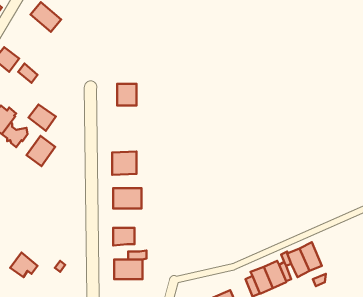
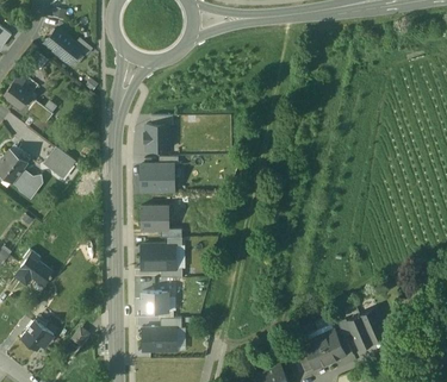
building: none -> [141,167,173,193]
building: [27,136,55,166] -> none
building: none -> [15,256,52,287]

